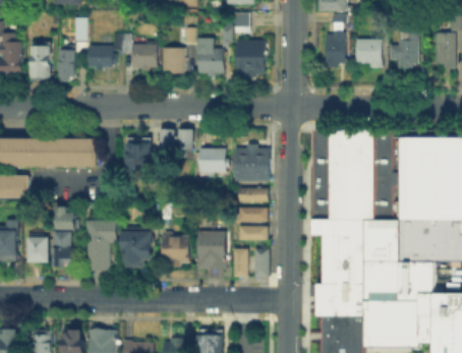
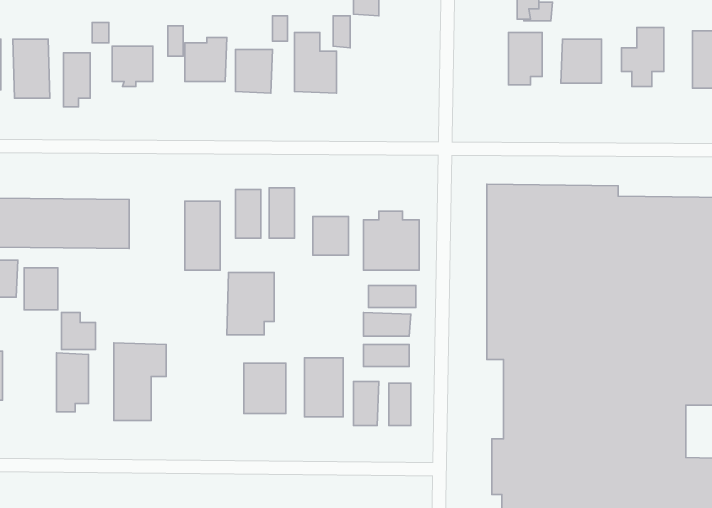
building: [234,39,262,76] -> none
building: [125,232,154,270] -> [227,273,274,335]
building: [31,239,51,264] -> [24,268,58,310]

